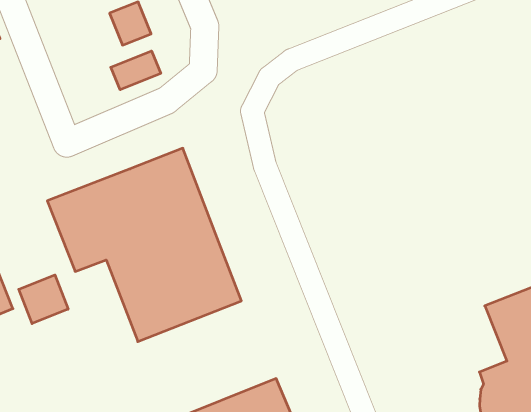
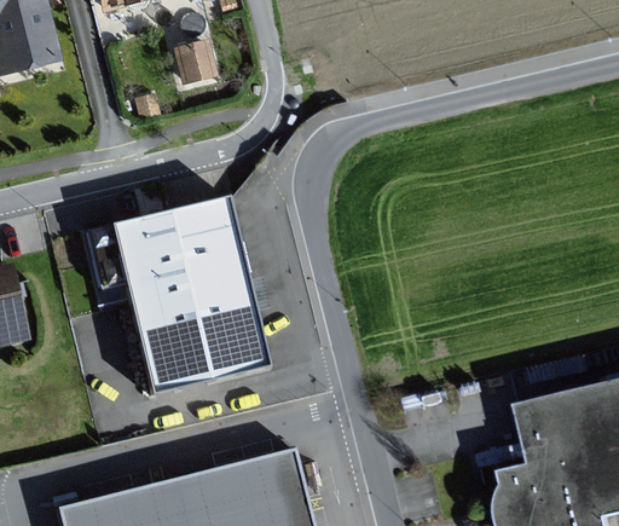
building: [111,51,161,90] -> none
building: [19,275,68,324] -> none

